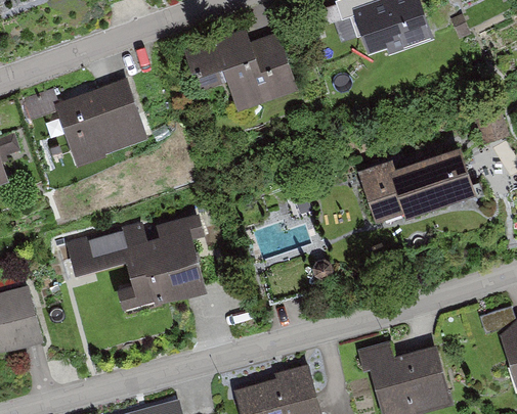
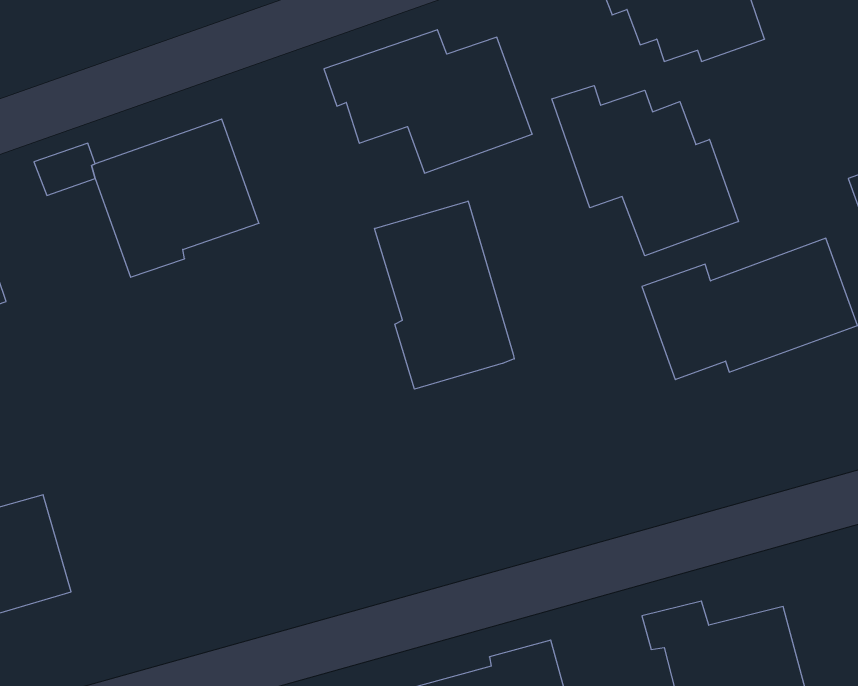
building: none -> [552,86,738,256]
building: none -> [375,201,514,389]
building: [67,214,207,313] -> none

